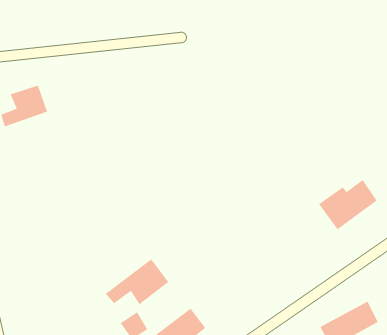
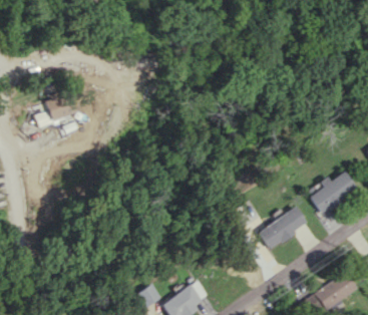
building: none -> [257,207,307,250]
building: [105,258,169,305] -> none

